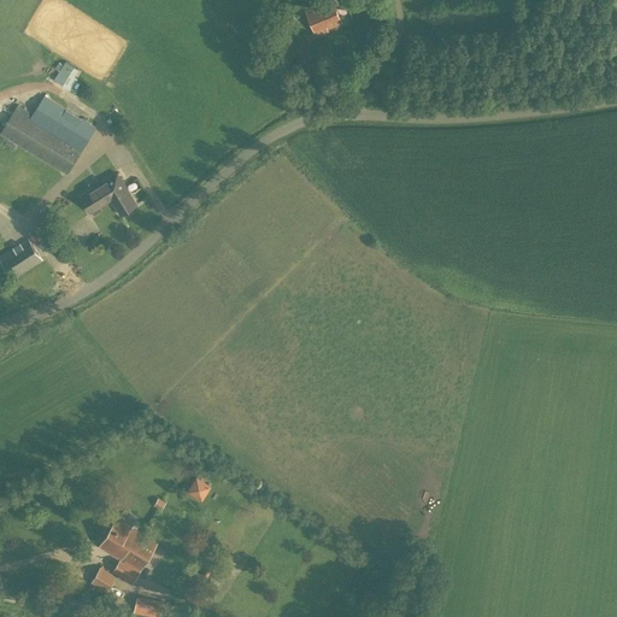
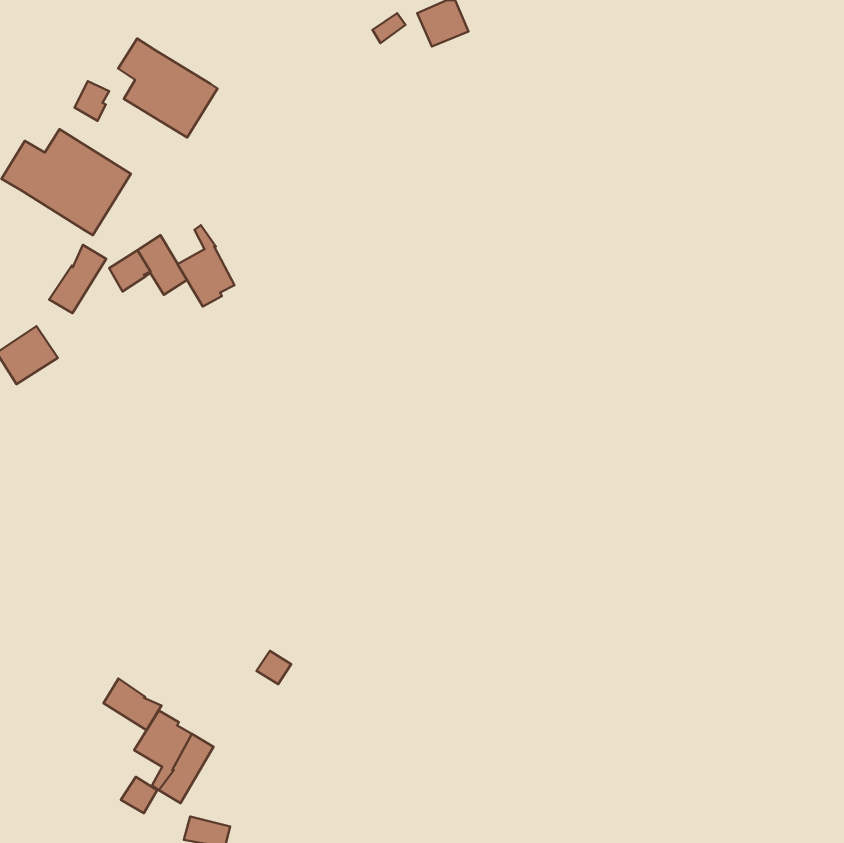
building: none -> [118,38,218,138]
building: none -> [178,225,234,307]
building: none -> [49,245,106,313]
building: none -> [104,678,162,730]

